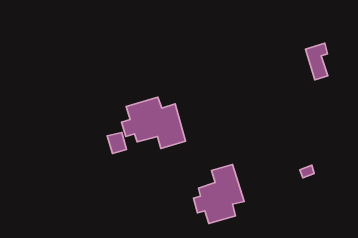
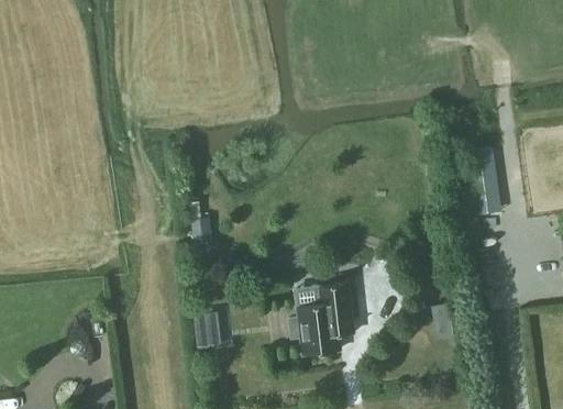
building: [121,97,186,149] -> none
building: none -> [195,312,220,347]

